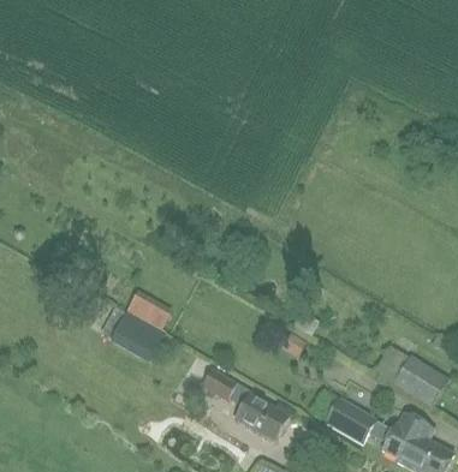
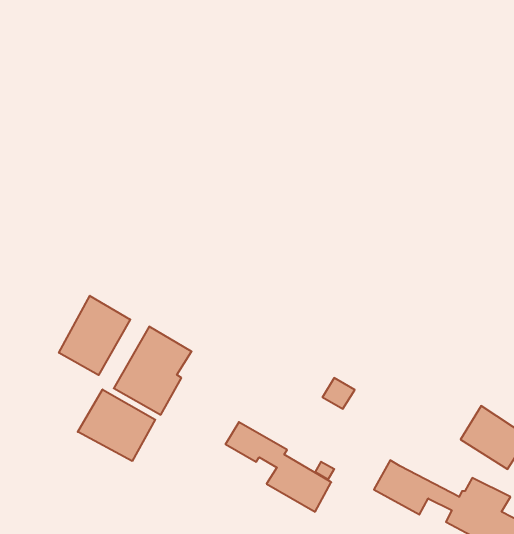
building: none -> [59,296,130,375]
building: none -> [78,389,155,461]

